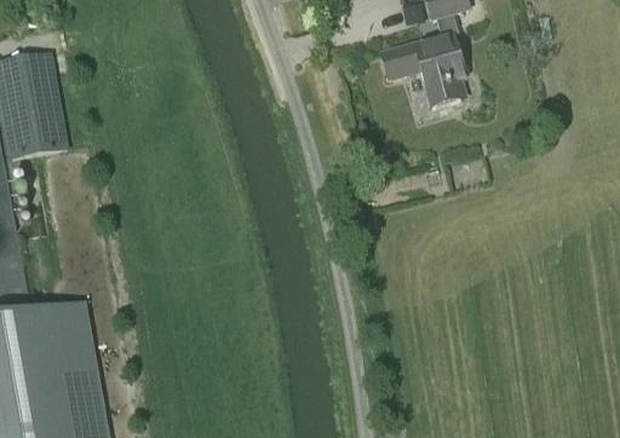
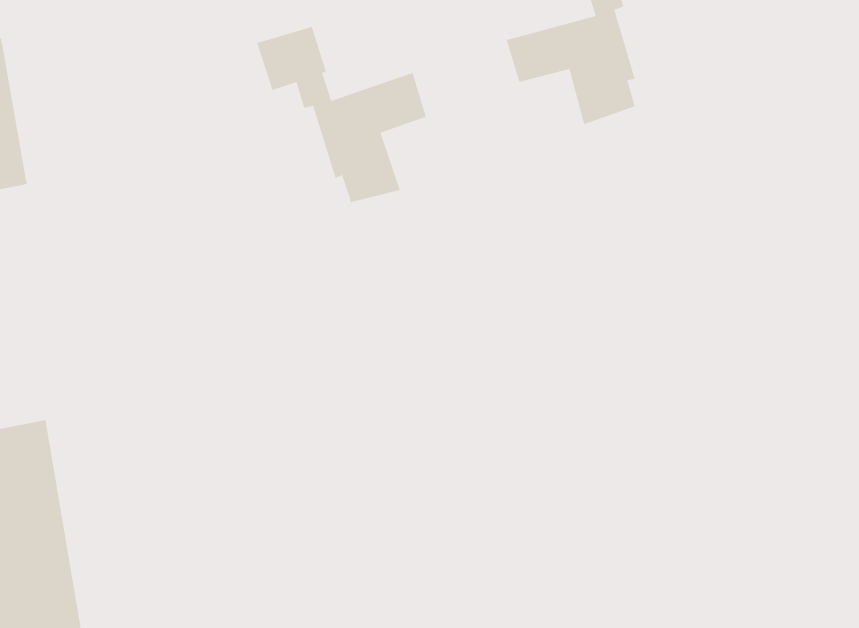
building: none -> [257,26,427,203]

